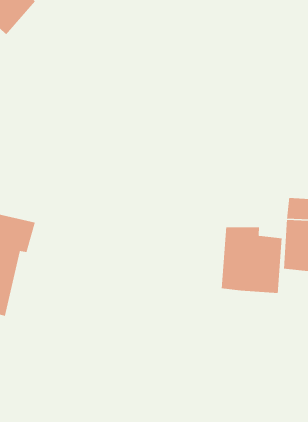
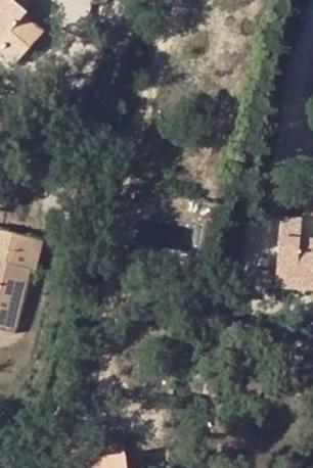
building: [221,226,282,294] -> none

